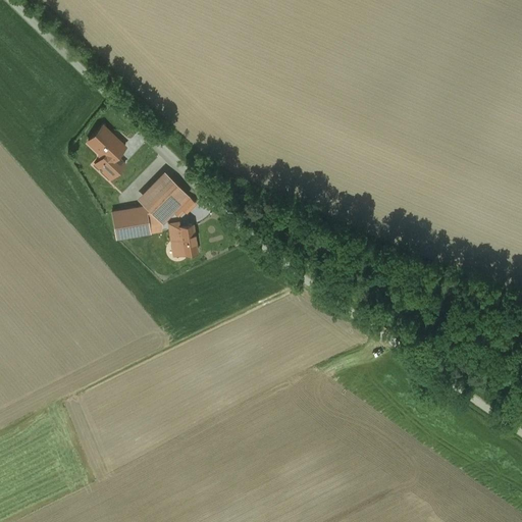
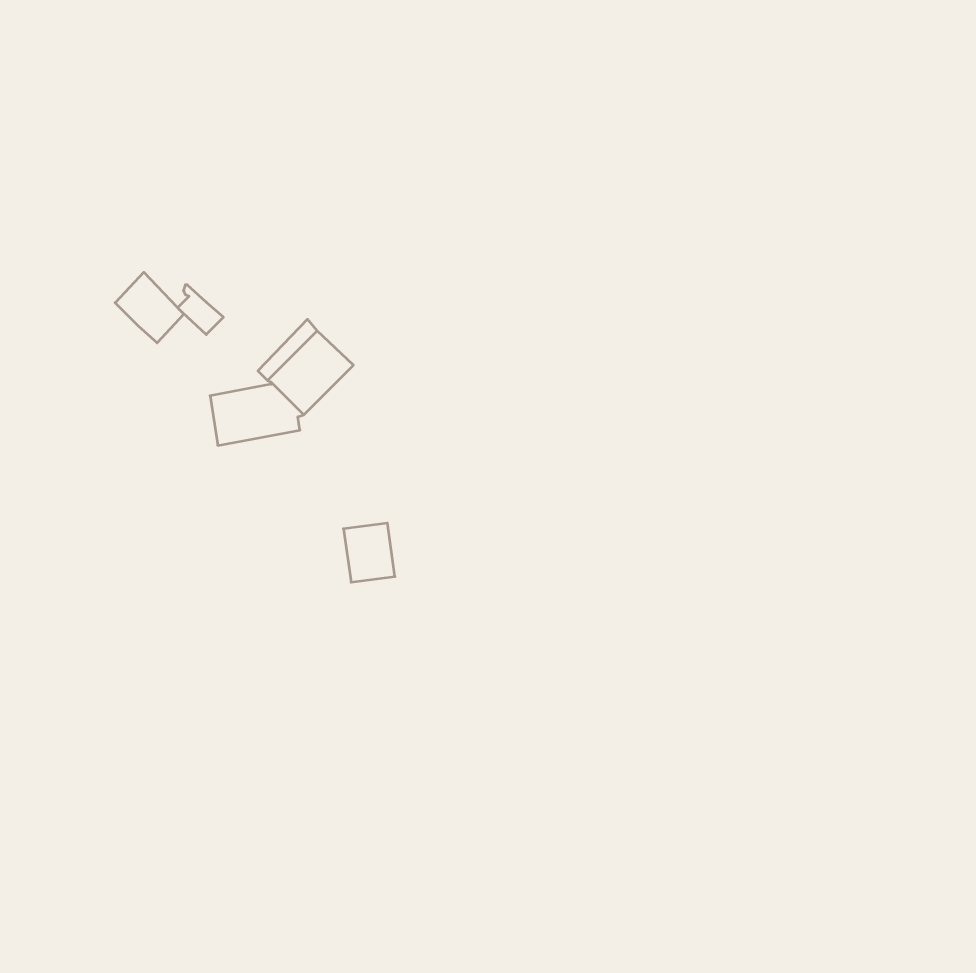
building: [88,125,124,163] -> [115,272,184,343]
building: [170,225,198,257] -> [343,523,395,582]

